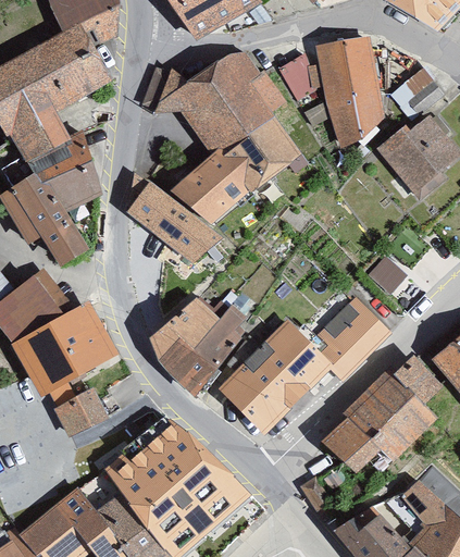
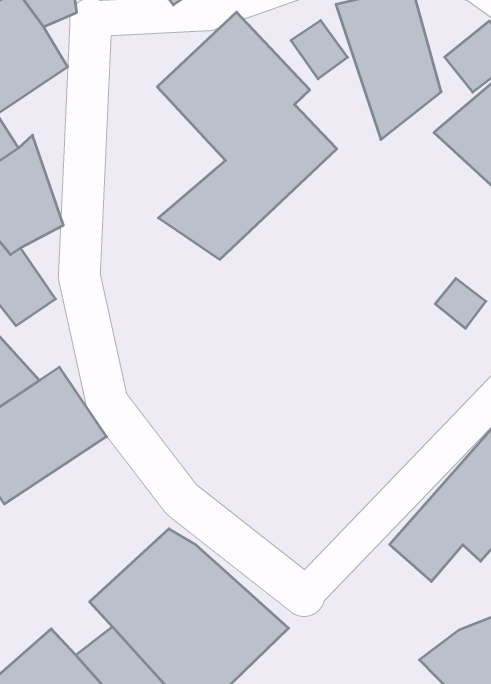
building: [124,176,228,267] -> none
building: [151,297,244,395] -> none
building: [217,301,380,430] -> none
building: [52,392,100,435] -> none

